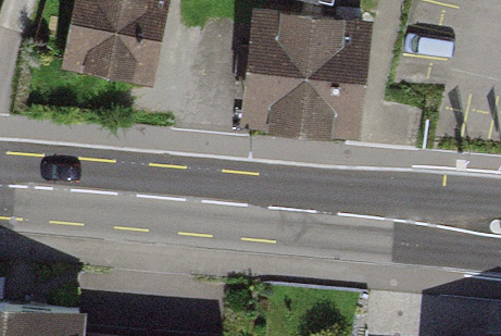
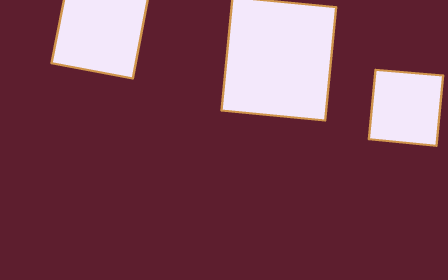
building: none -> [369,70,443,146]

